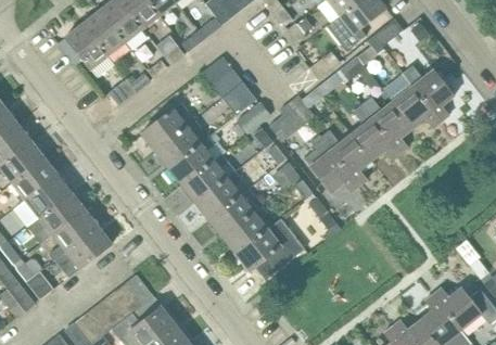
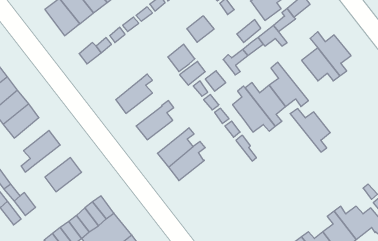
building: [207,65,242,99] -> [187,16,214,42]
building: [361,98,412,153] -> [290,109,330,152]
building: [141,101,189,152] -> none
building: [168,138,215,186] -> none
building: [195,171,242,220] -> none
building: [14,175,71,226] -> none
building: [49,209,98,259] -> none
building: [236,218,305,280] -> none

